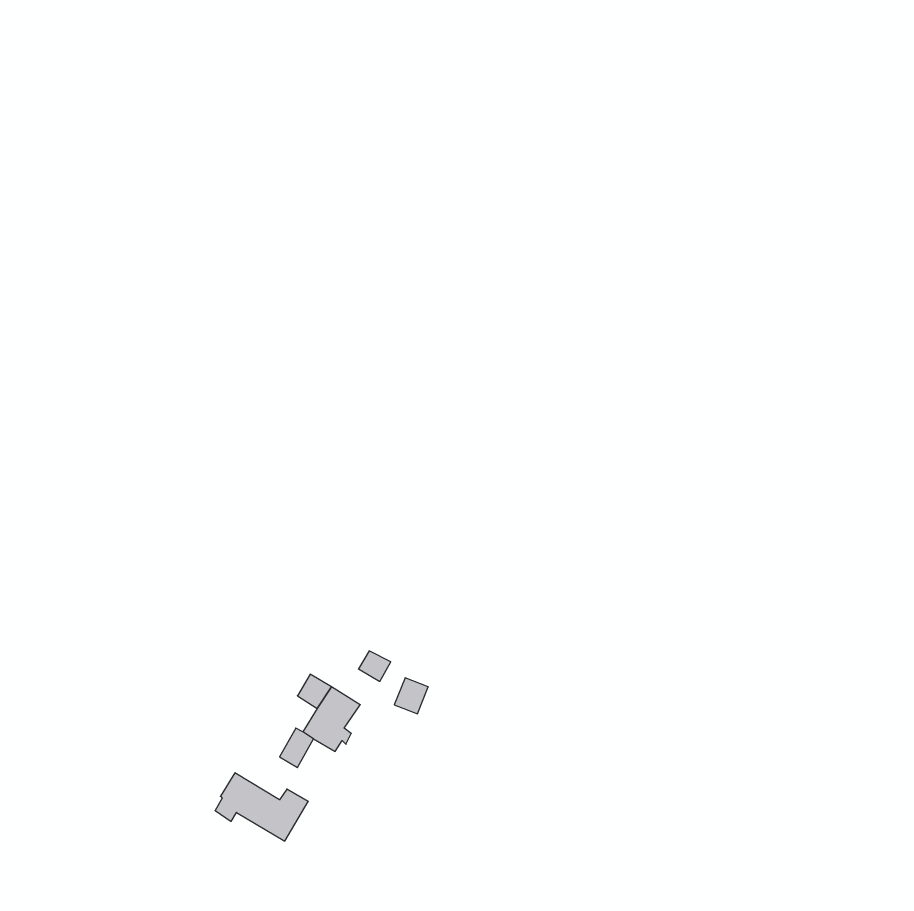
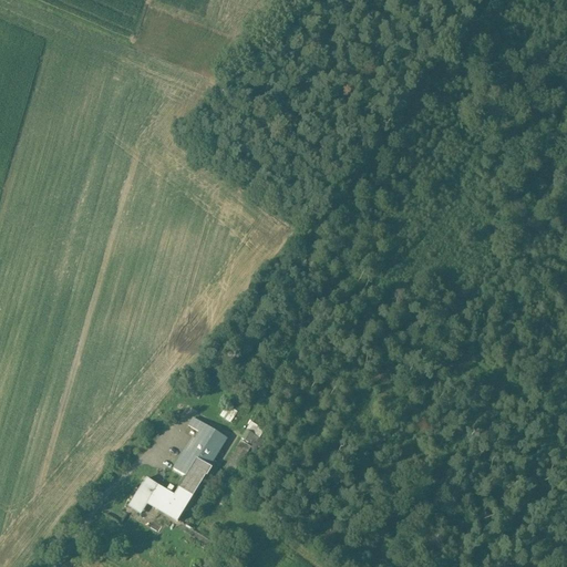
building: none -> [177,456,213,495]

